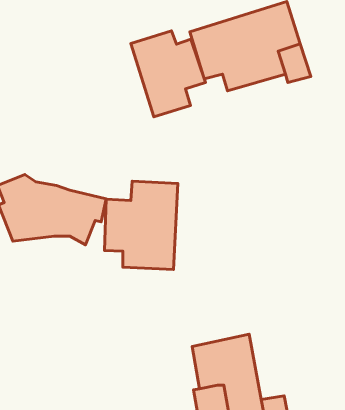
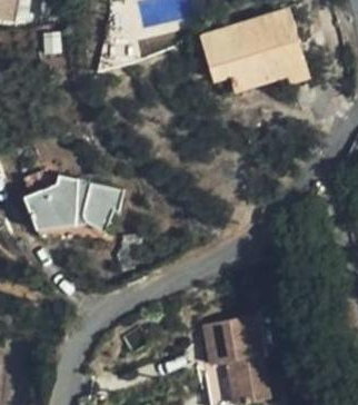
building: [131,31,206,117] -> none
building: [105,181,178,269] -> none

